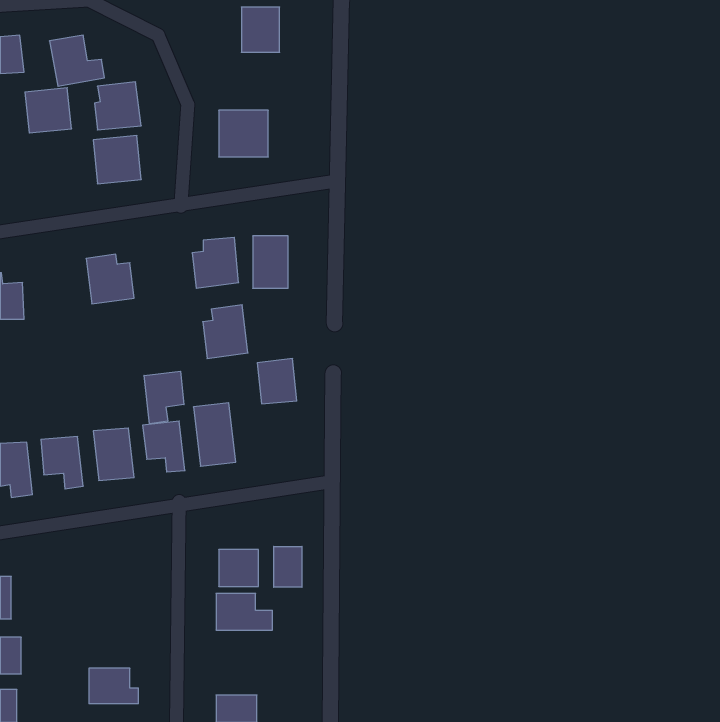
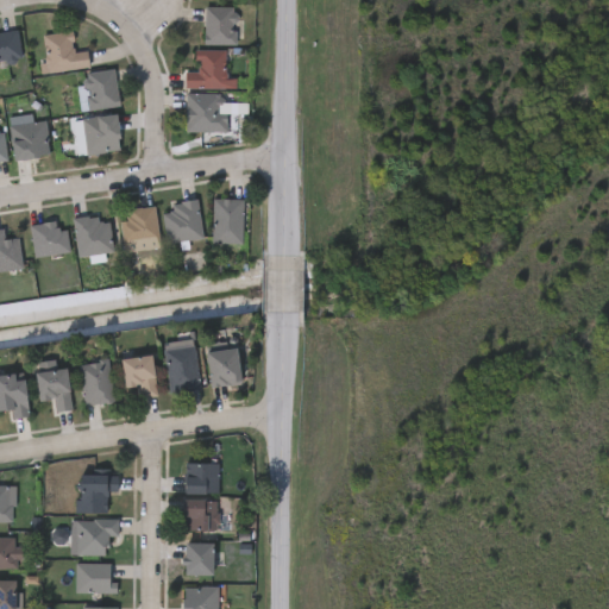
building: none -> [186,49,237,88]
building: [25,88,72,133] -> [11,121,50,159]
building: none -> [30,220,70,257]
building: [203,305,248,359] -> [121,206,159,251]
building: [257,359,297,404] -> [207,347,240,385]
building: [144,371,184,424] -> none
building: [274,546,302,587] -> none
building: none -> [77,470,118,513]
building: none -> [77,520,118,555]
building: none -> [184,542,213,575]

